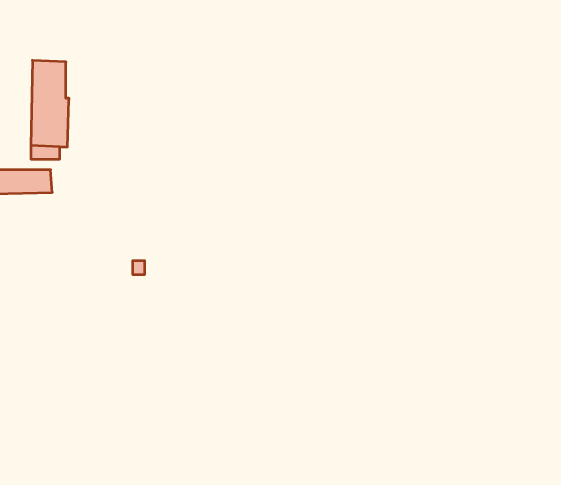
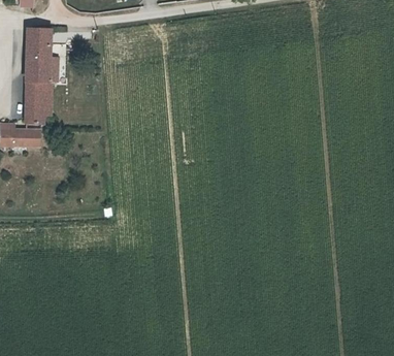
building: none -> [26,30,50,58]

